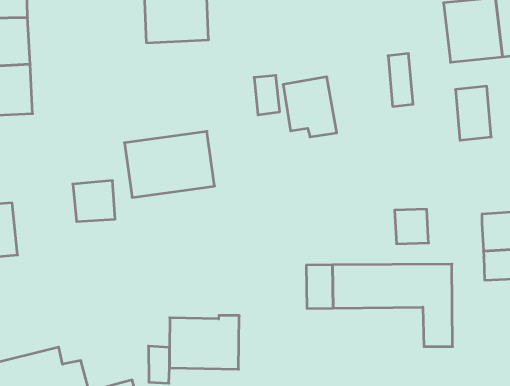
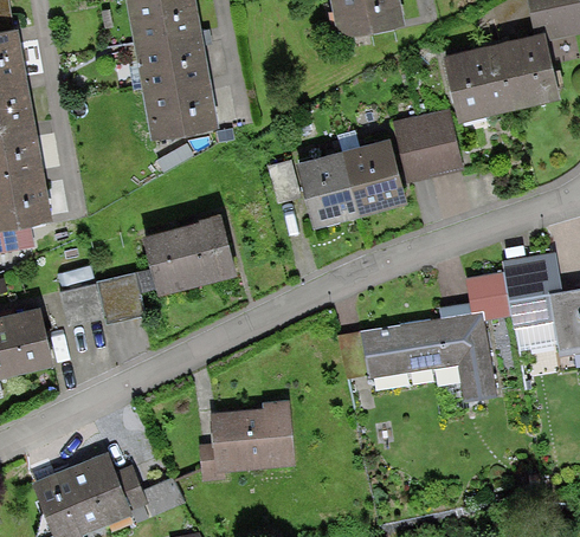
building: none -> [337,137,397,205]
building: [455,86,491,140] -> [415,110,457,167]
building: none -> [62,287,107,332]
building: [395,209,429,244] -> [477,277,515,315]

